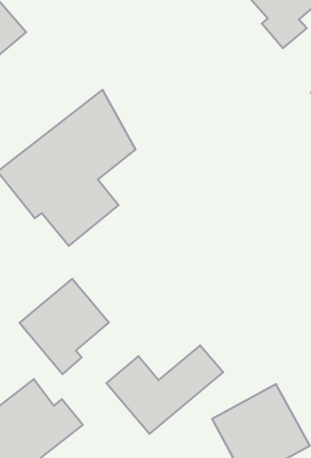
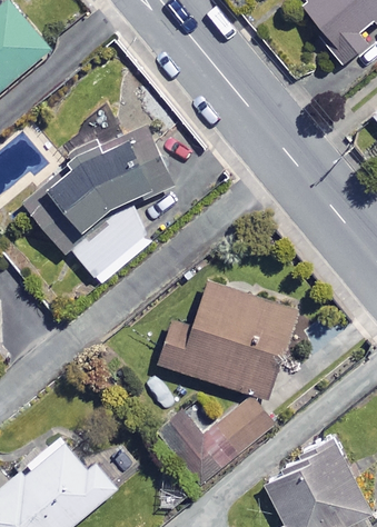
building: none -> [158,280,295,400]
building: [20,279,109,374] -> none

